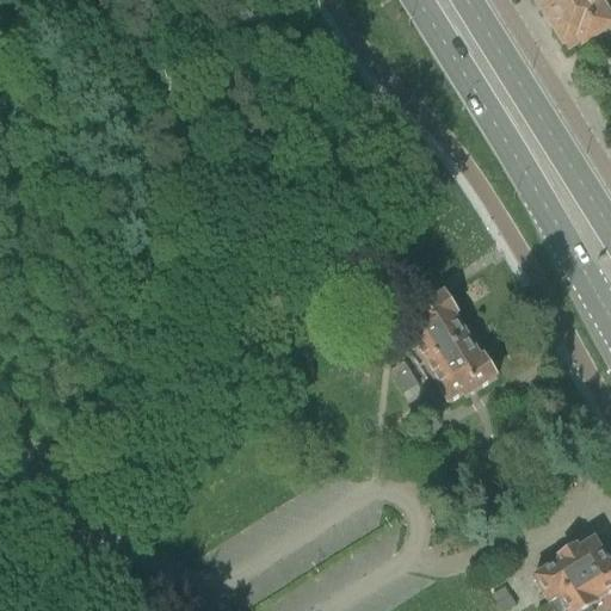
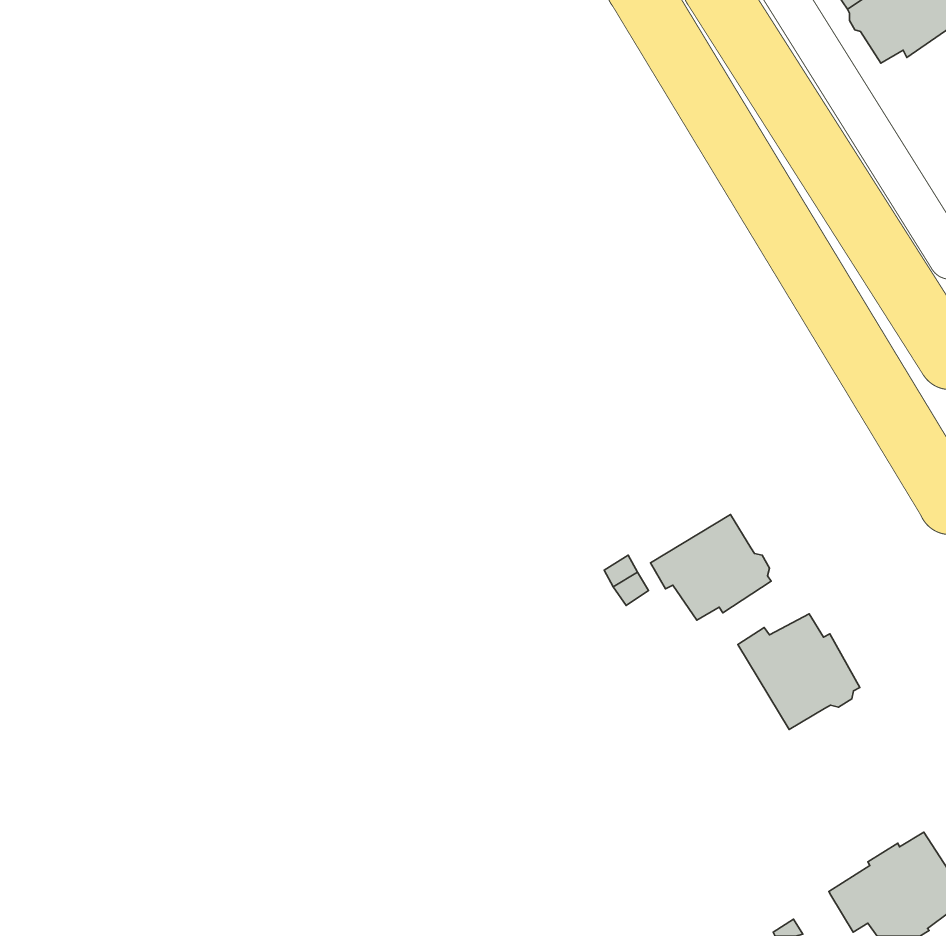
building: [401,289,471,362] -> none
building: none -> [738,614,860,730]

